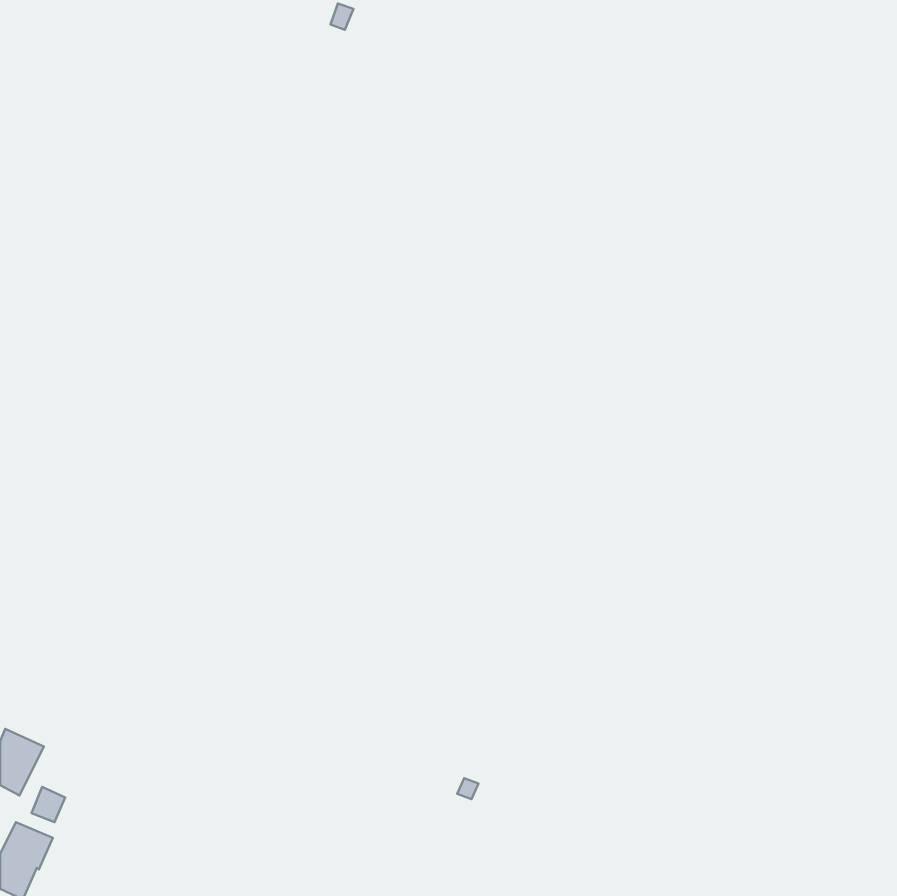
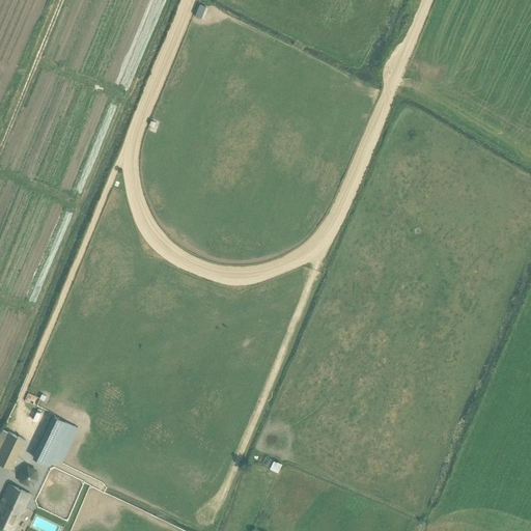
building: none -> [33,418,72,469]

